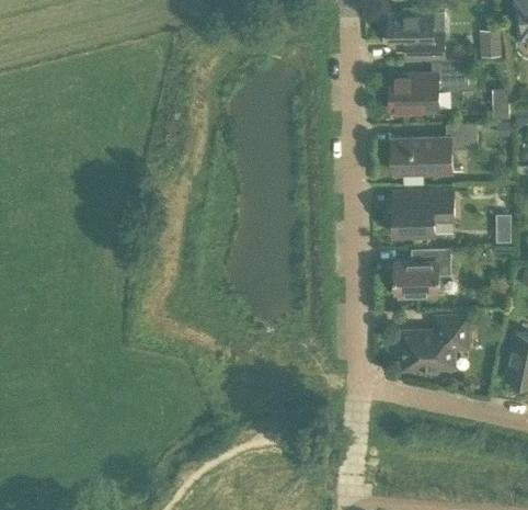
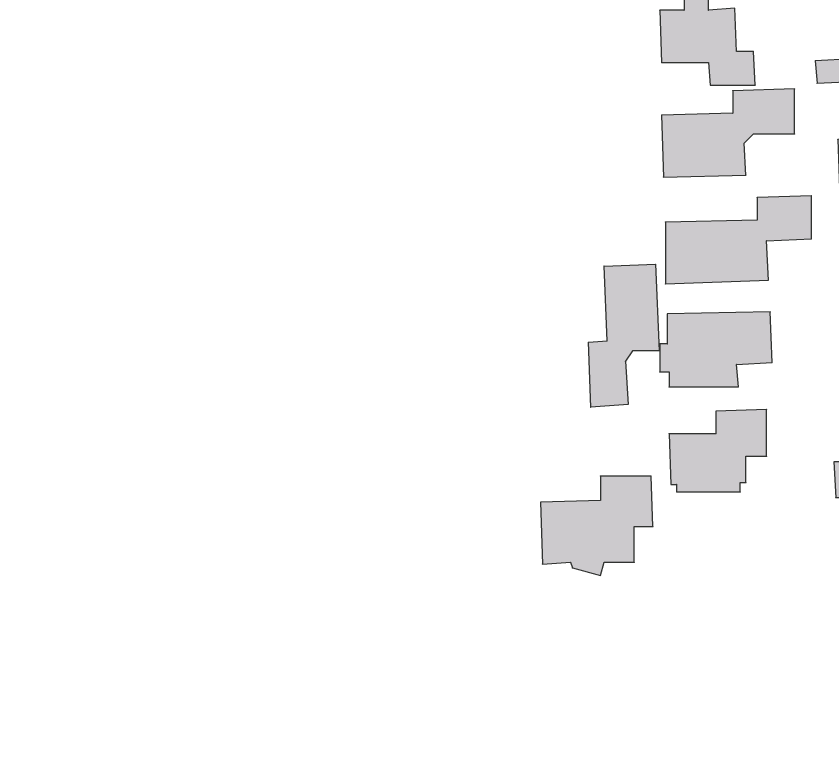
building: none -> [588,264,659,407]
building: [402,317,468,375] -> [541,476,653,575]

